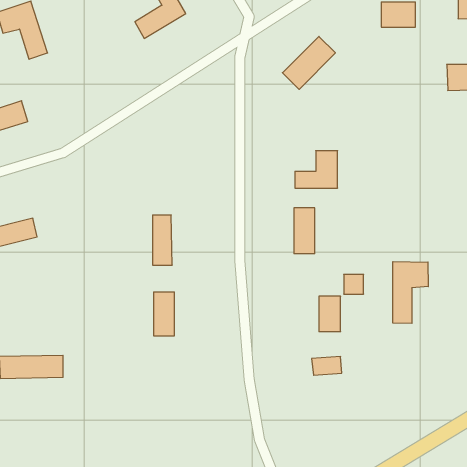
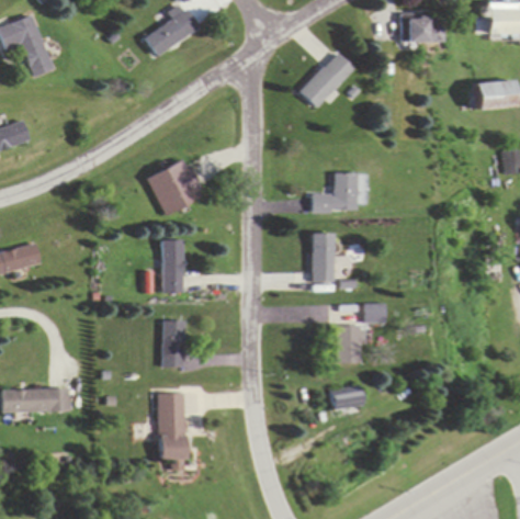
building: none -> [146,158,204,215]
building: [393,262,428,323] -> none
building: none -> [159,393,185,458]

